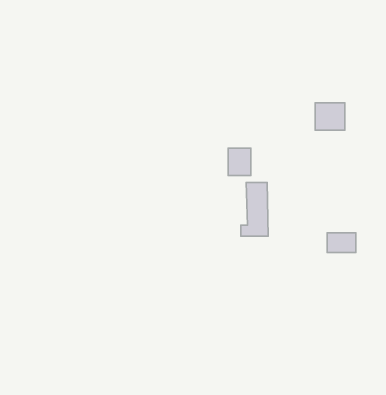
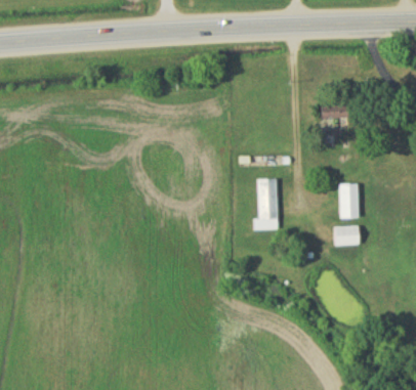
building: [228,148,251,175] -> none
building: none -> [337,183,359,219]

